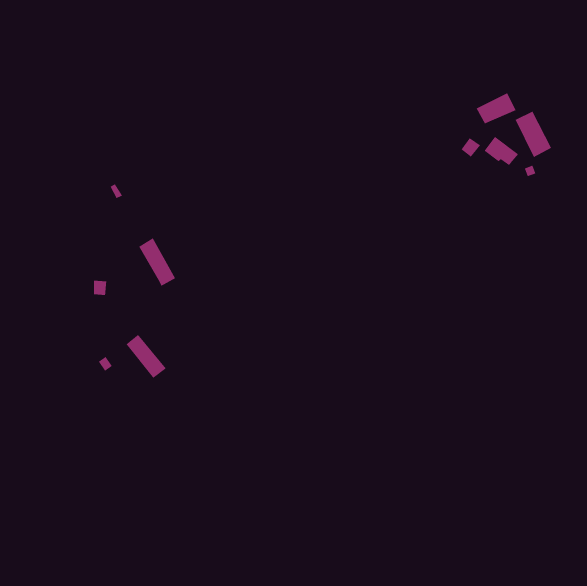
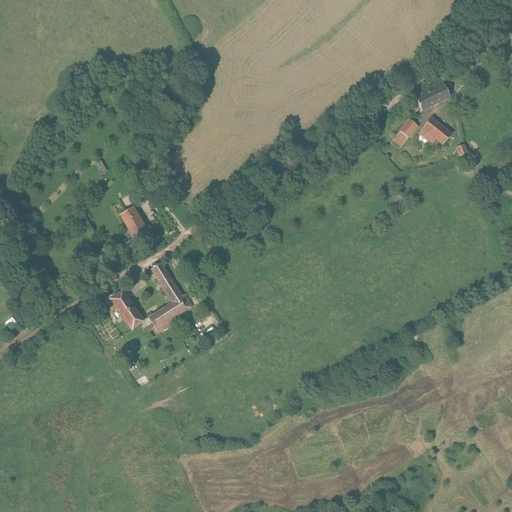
building: [515,111,552,158] -> none
building: none -> [148,263,193,333]

